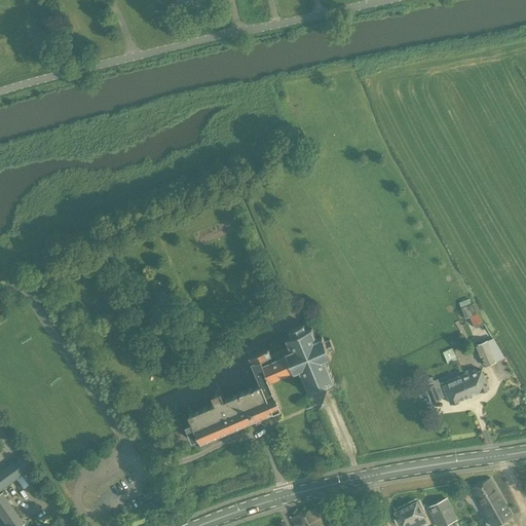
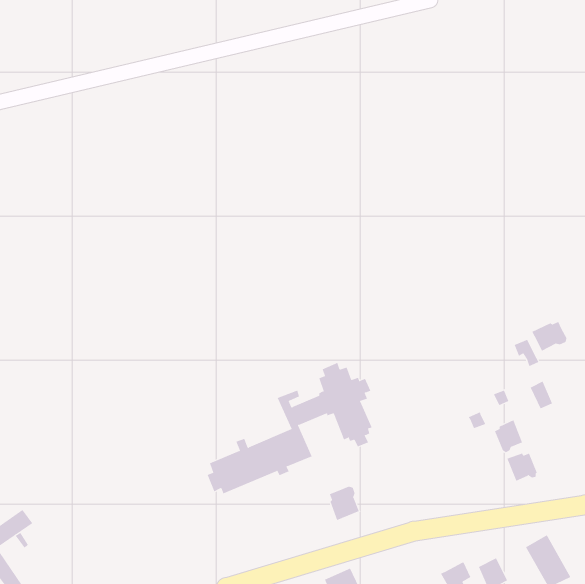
building: none -> [531,321,567,351]
building: [459,373,487,399] -> [507,453,538,482]
building: none -> [329,486,360,521]

